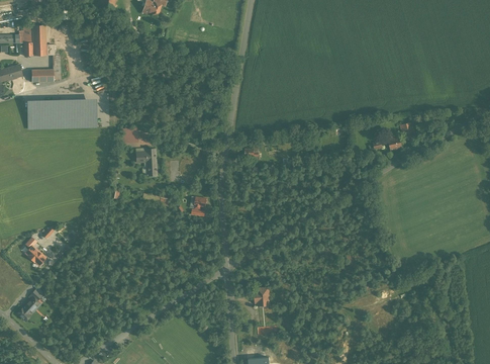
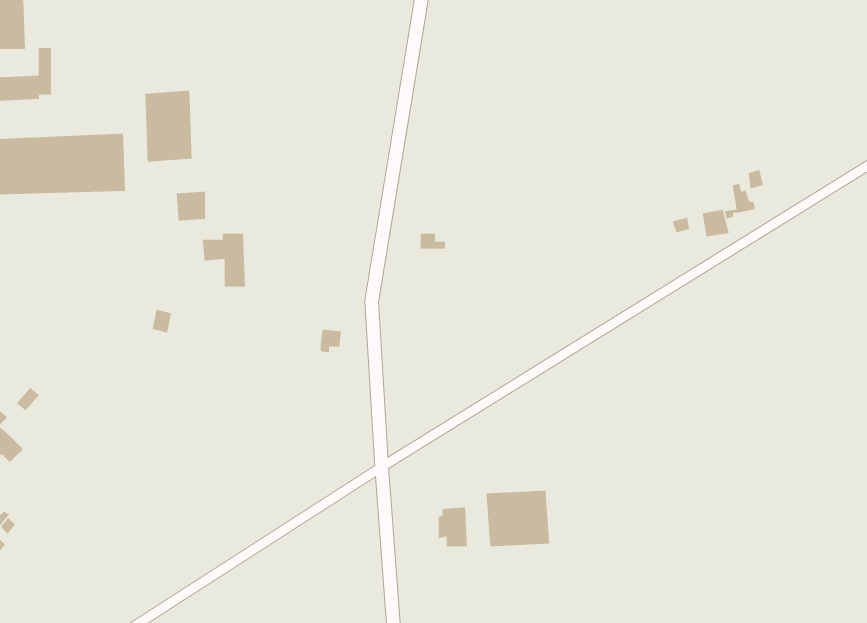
building: none -> [145,90,192,163]
building: none -> [486,490,550,547]

